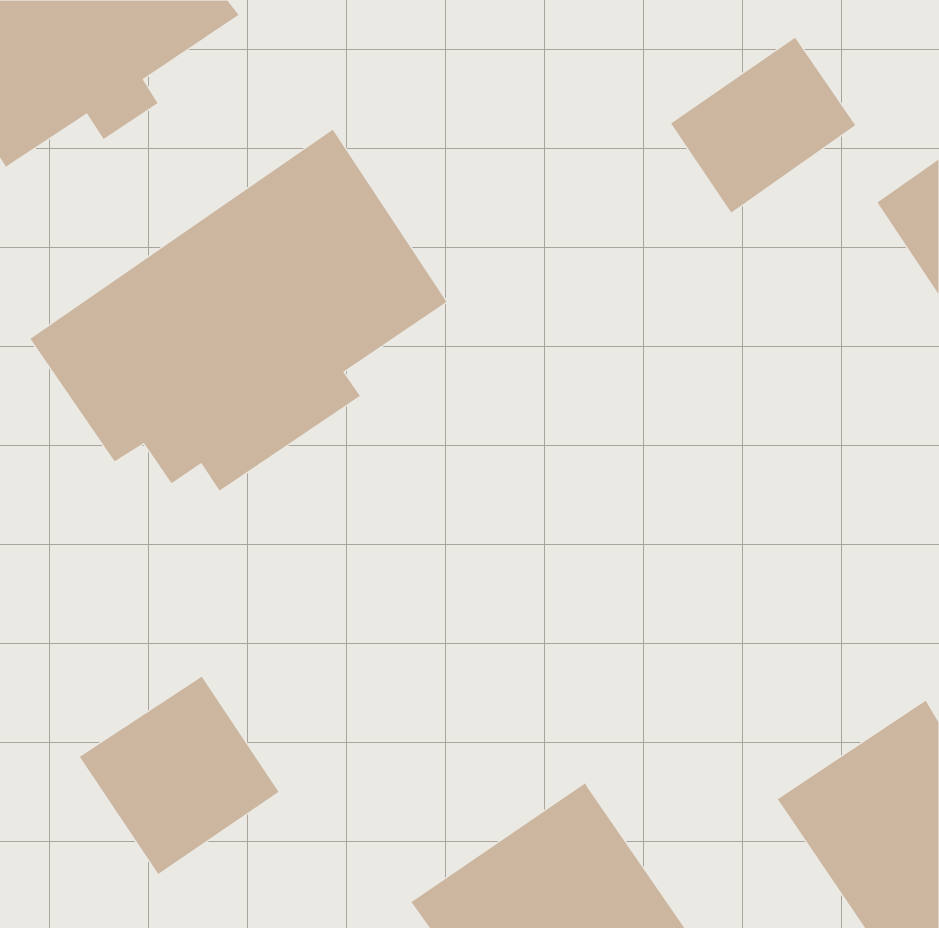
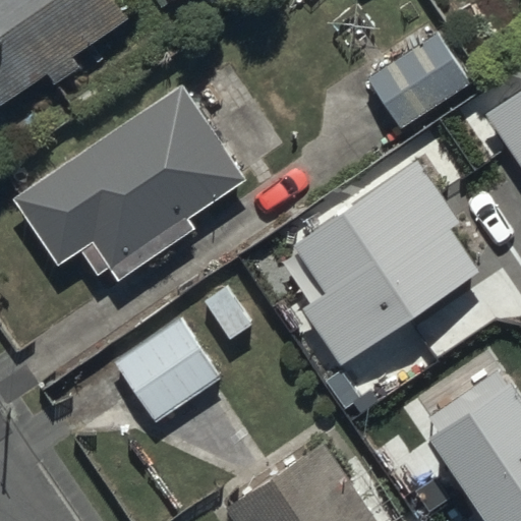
building: none -> [291,167,479,375]
building: [79,676,279,875] -> [113,313,224,423]

